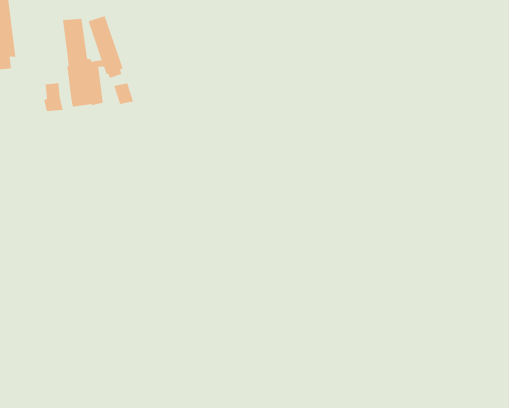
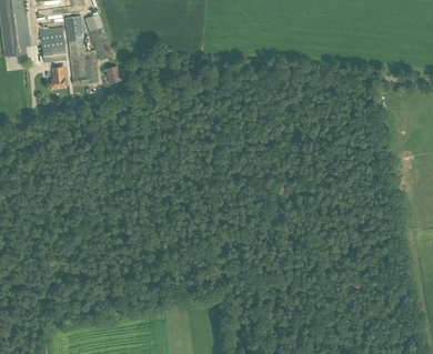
building: none -> [39,26,66,62]

